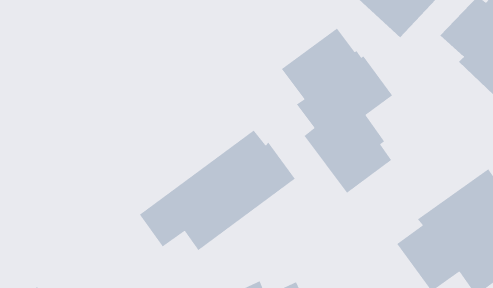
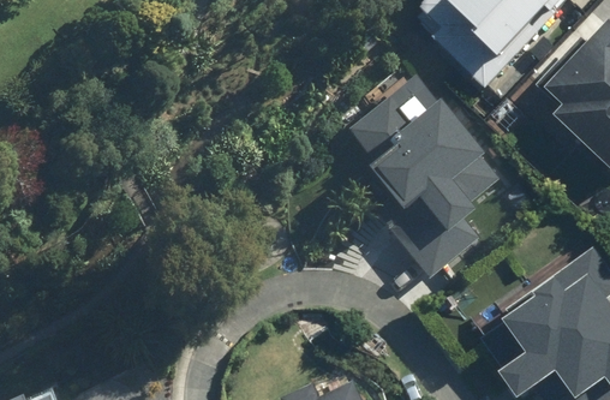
building: [139,130,296,251] -> none

